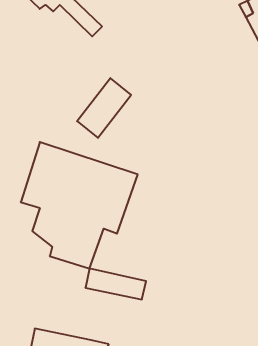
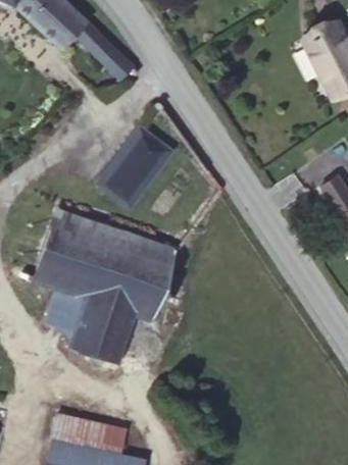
building: [85,269,146,299] -> [52,414,127,452]

